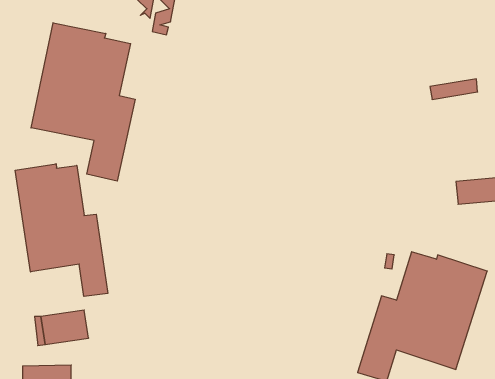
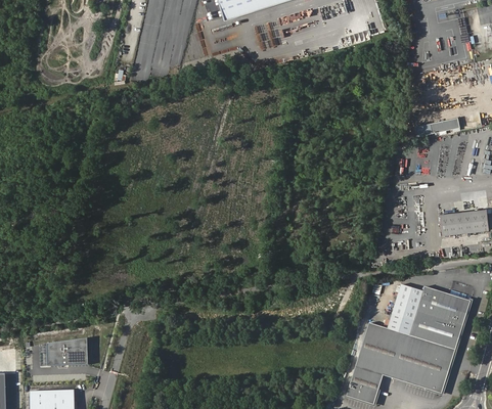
building: [31,23,135,181] -> none
building: [15,164,108,296] -> none

